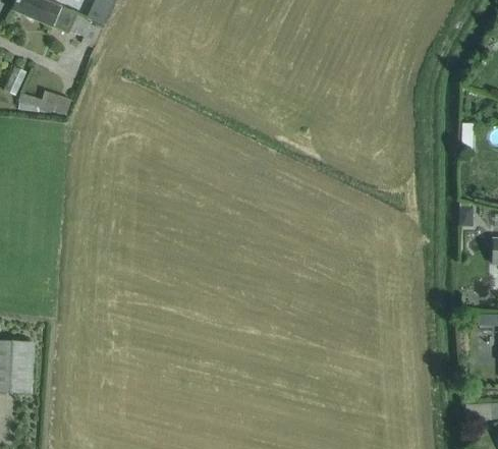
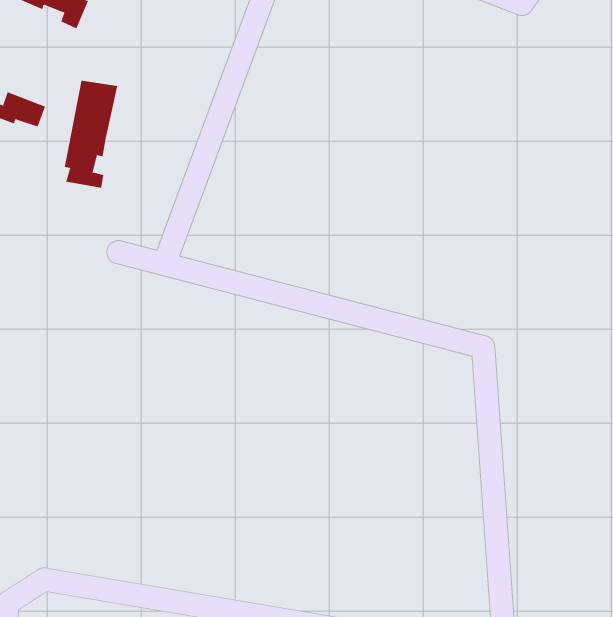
building: none -> [64,80,118,189]

